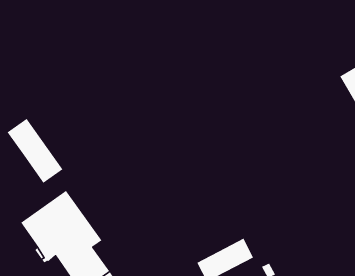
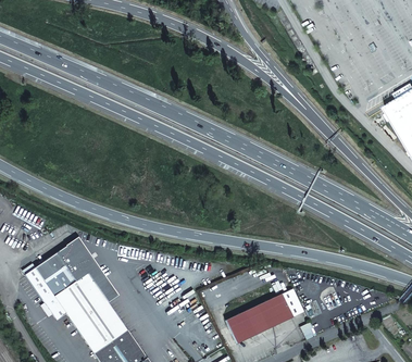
building: [7,118,63,184] -> none

